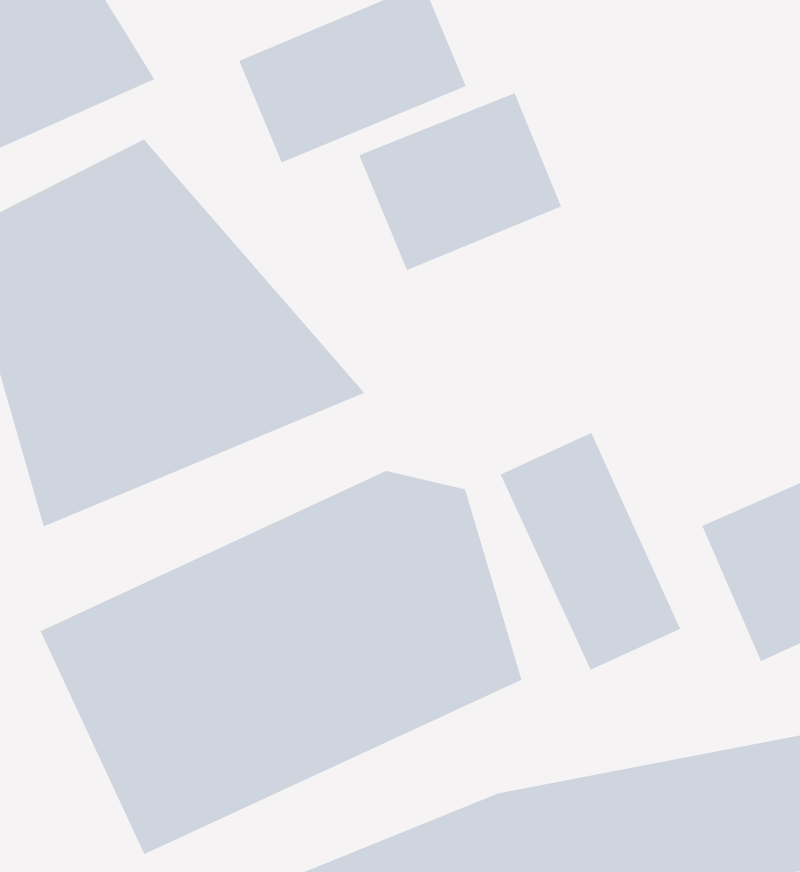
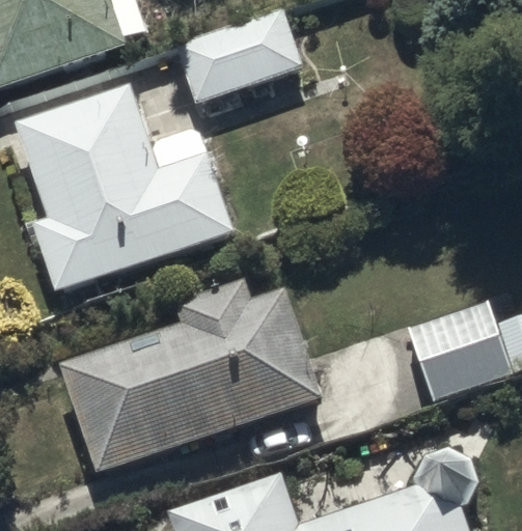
building: [358,92,562,271] -> none
building: [499,432,681,671] -> none

